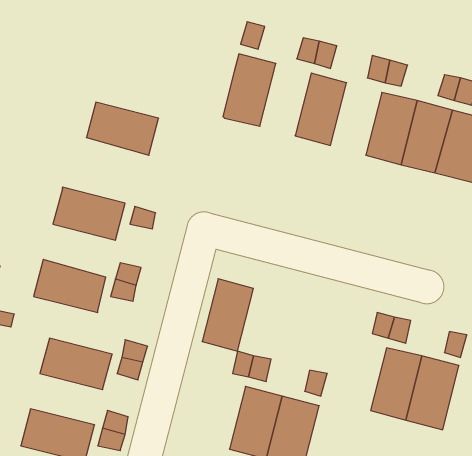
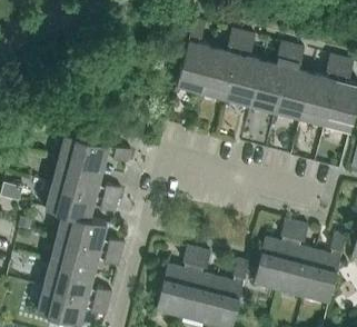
building: none -> [202,48,238,98]
building: none -> [251,61,287,111]
building: [86,102,159,155] -> [52,159,102,196]
building: [202,279,253,351] -> [157,265,192,315]
building: none -> [57,214,107,249]
building: none -> [254,238,290,288]
building: none -> [43,262,93,298]

